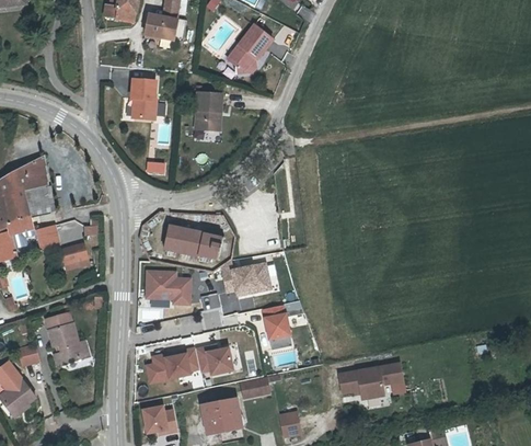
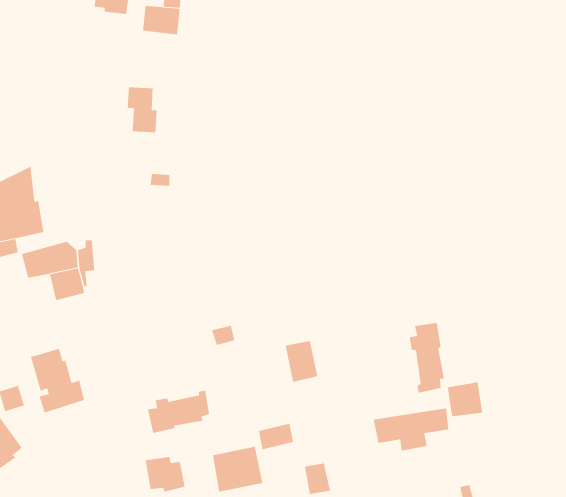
building: [224,28,269,79] -> none
building: [193,98,218,135] -> none
building: [163,222,230,260] -> none
building: [222,260,274,297] -> none
building: [147,270,194,307] -> none
building: none -> [409,322,444,393]
building: none -> [447,381,483,417]
building: [198,343,236,376] -> none

